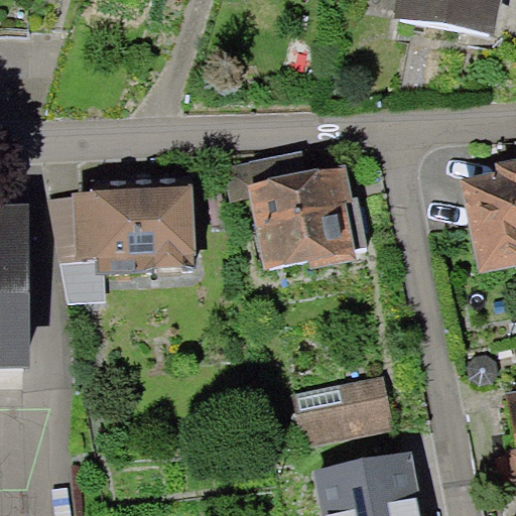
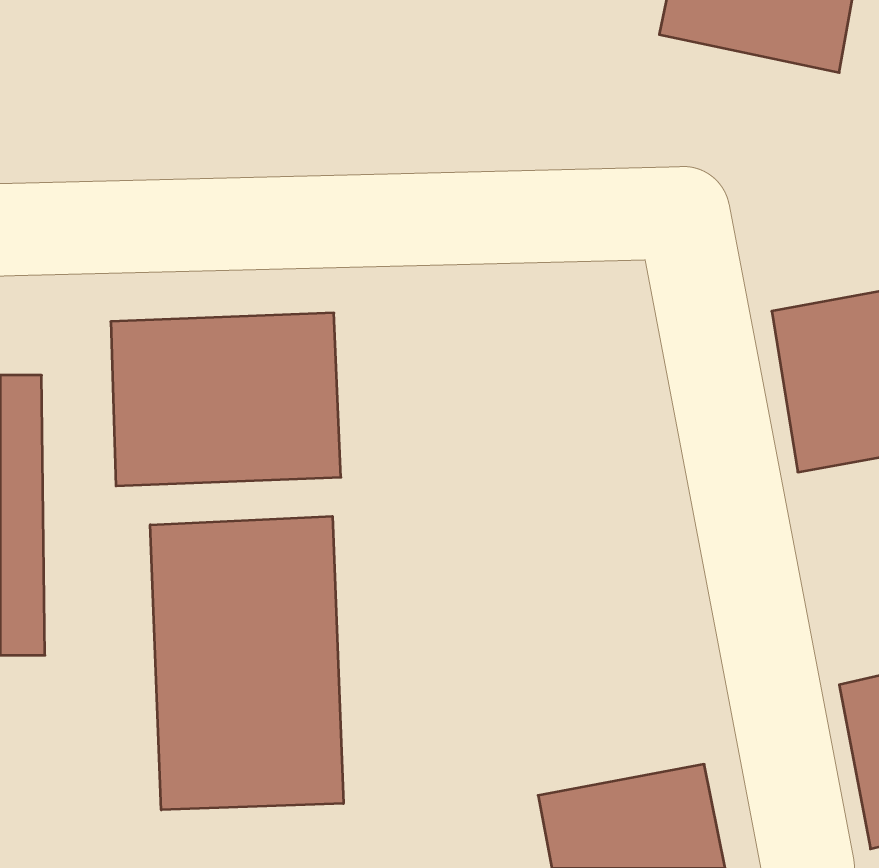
building: [236,165,362,278] -> none
building: none -> [150,516,343,810]
building: [291,363,398,444] -> none

